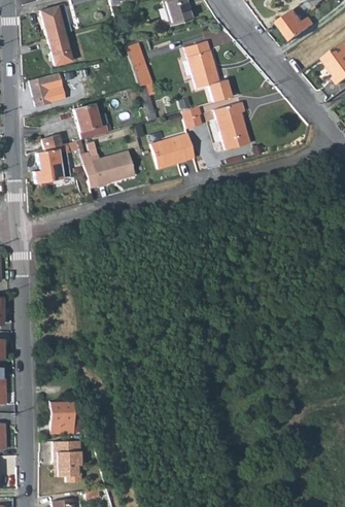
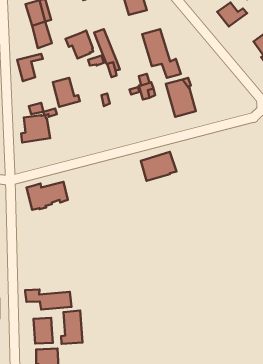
building: none -> [65,31,93,58]
building: [151,133,196,169] -> [141,152,176,181]
building: [83,153,135,188] -> [26,182,68,210]
building: none -> [25,289,72,309]
building: none -> [61,311,82,344]

